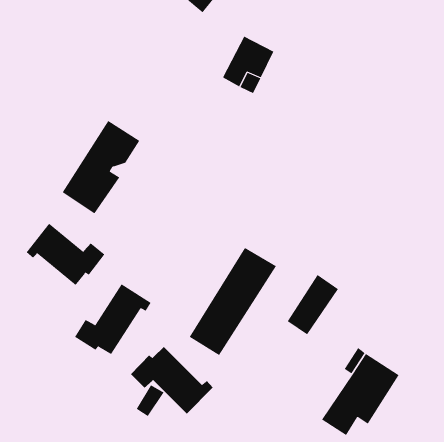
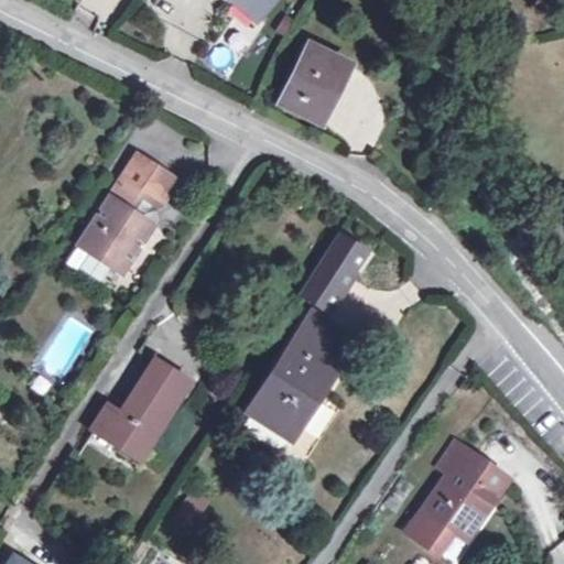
building: [26,223,105,286] -> none
building: [287,274,339,335] -> [302,234,368,311]
building: [130,346,214,415] -> none

